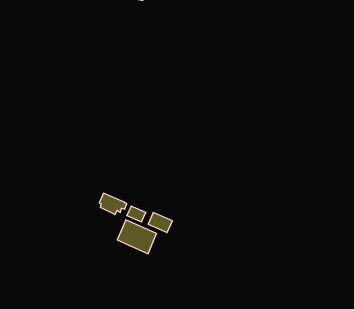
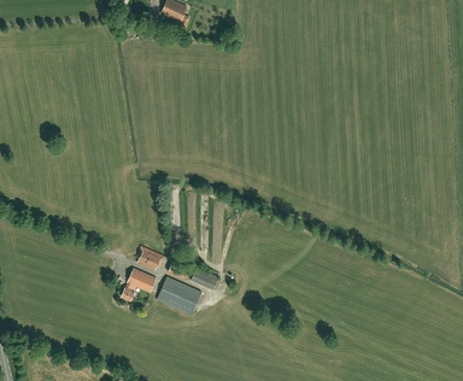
building: none -> [121,268,156,300]

